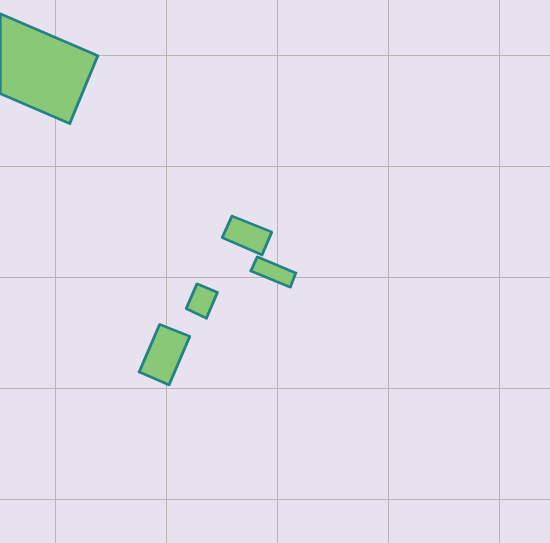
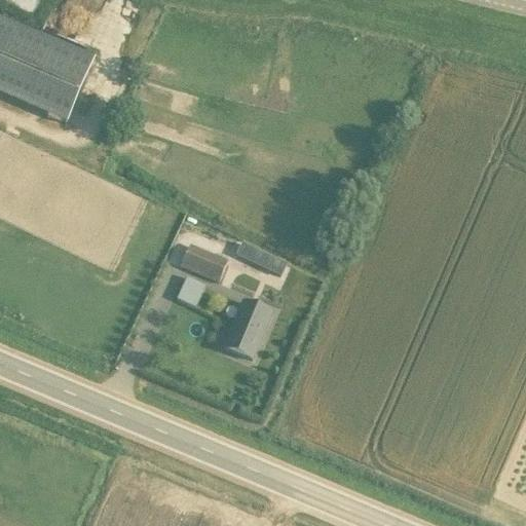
building: [222,216,272,255] -> [180,242,227,279]
building: [139,325,190,385] -> [223,299,271,356]

